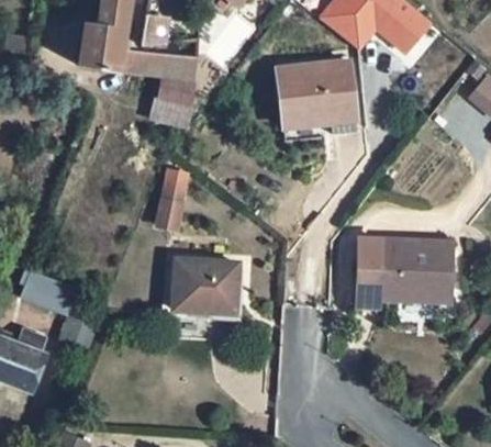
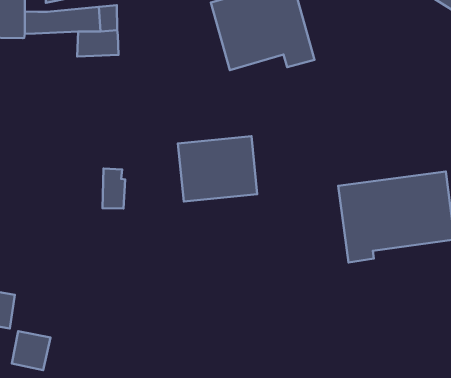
building: [153,94,193,127] -> none
building: [172,259,238,313] -> [178,136,257,201]

